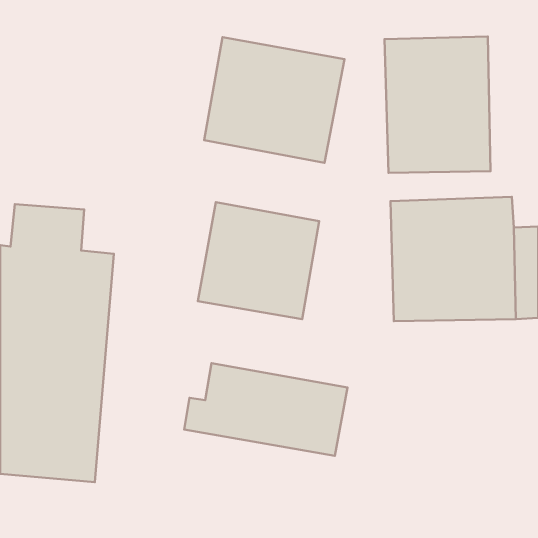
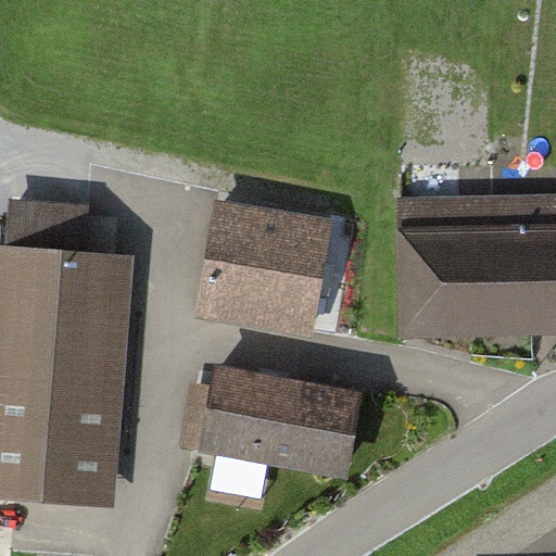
building: [385,37,490,173] -> none
building: [204,37,344,163] -> none

